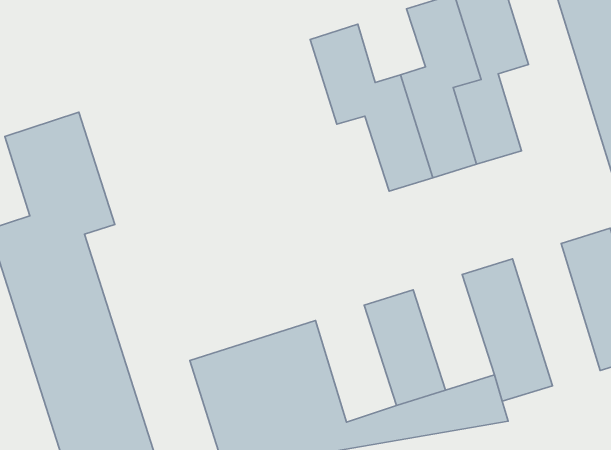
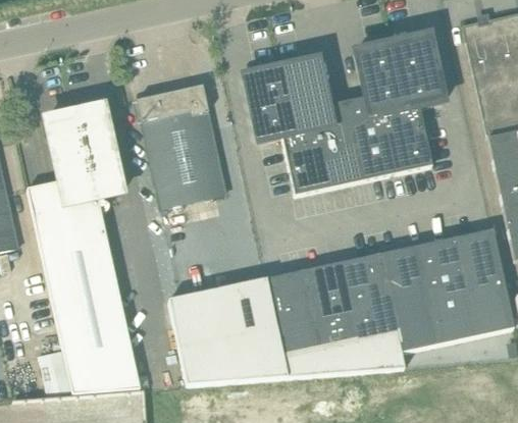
building: none -> [245,67,330,195]
building: none -> [138,85,227,207]
building: none -> [418,237,476,343]
building: none -> [342,254,397,339]
building: none -> [266,270,321,357]

